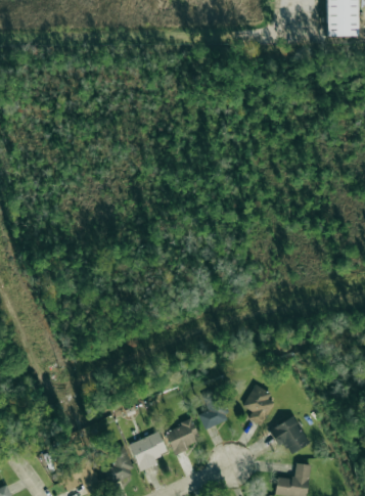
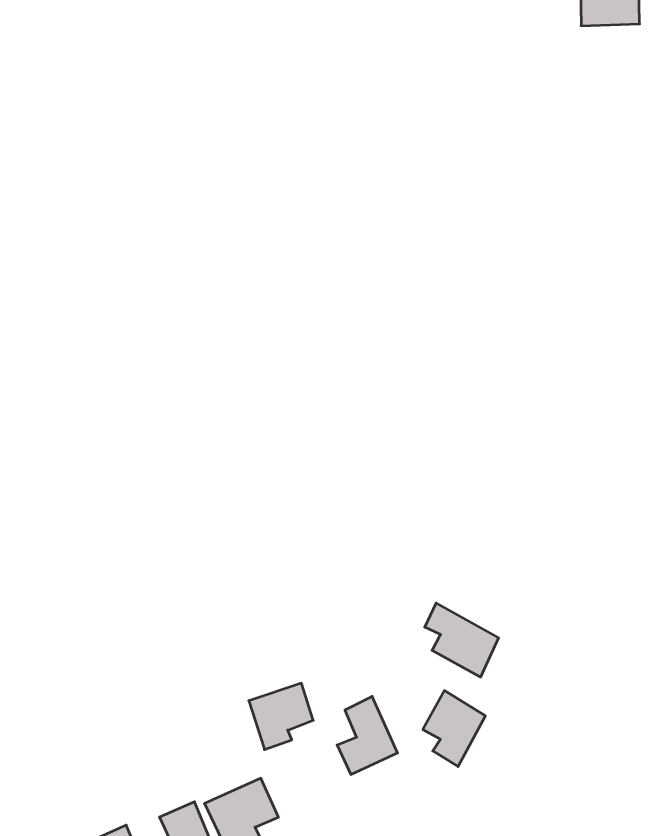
building: none -> [425,603,499,677]
building: [270,416,308,453] -> none
building: [166,420,199,455] -> [249,683,313,750]

